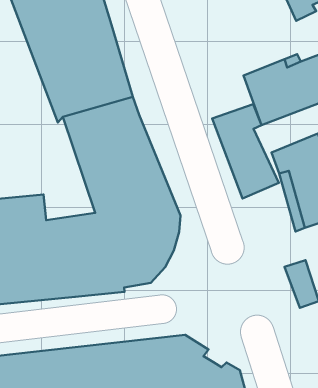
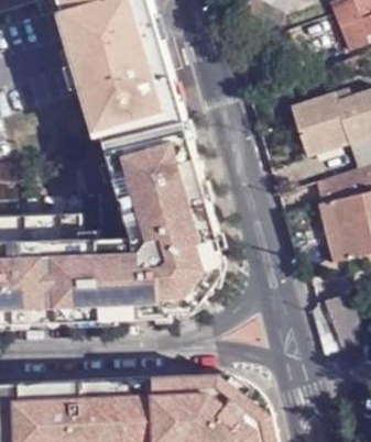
building: [212,104,279,199] -> none

